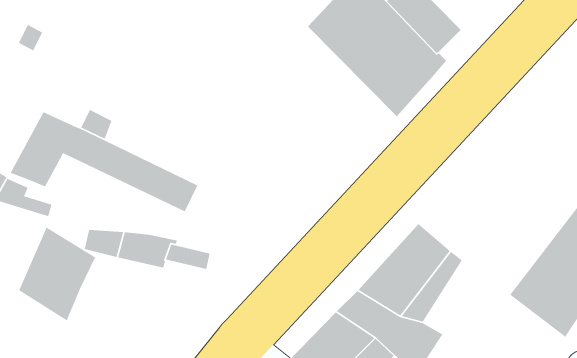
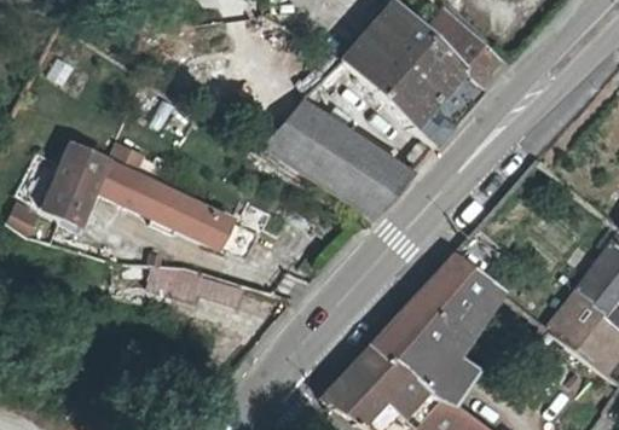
building: none -> [265,99,411,216]
building: [18,227,96,322] -> none

